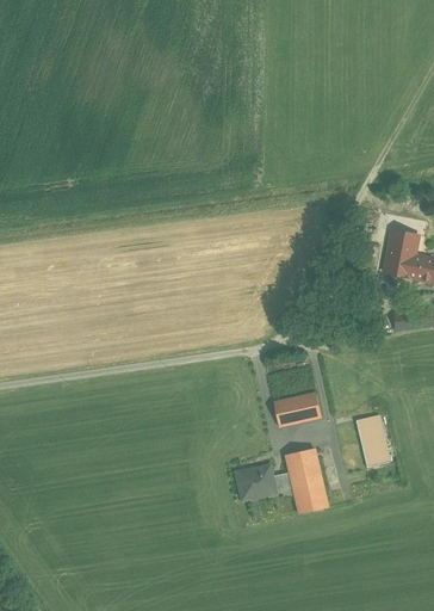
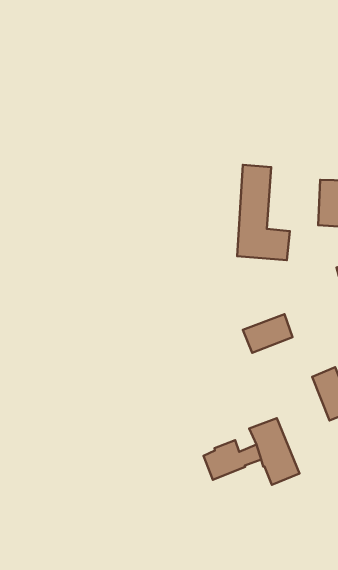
building: none -> [237,165,290,260]
building: [273,396,321,430] -> [243,314,293,353]

